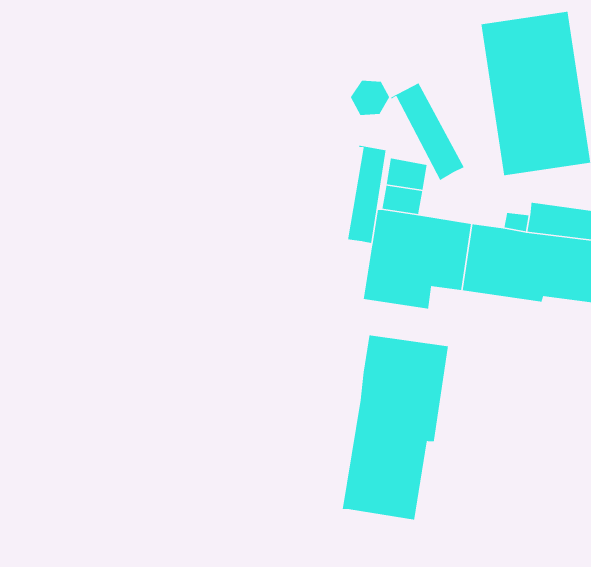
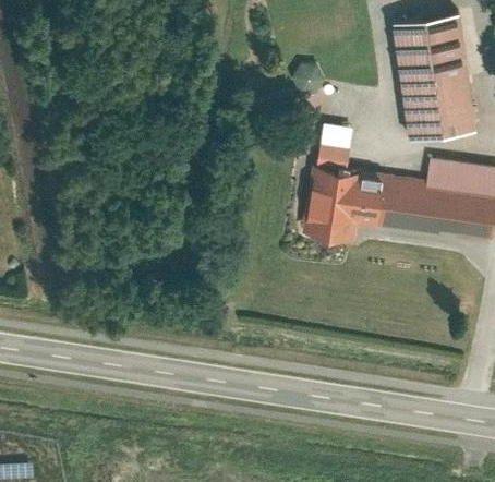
building: [390,82,465,181] -> none
building: [347,145,387,244] -> none
building: [342,334,449,521] -> none

